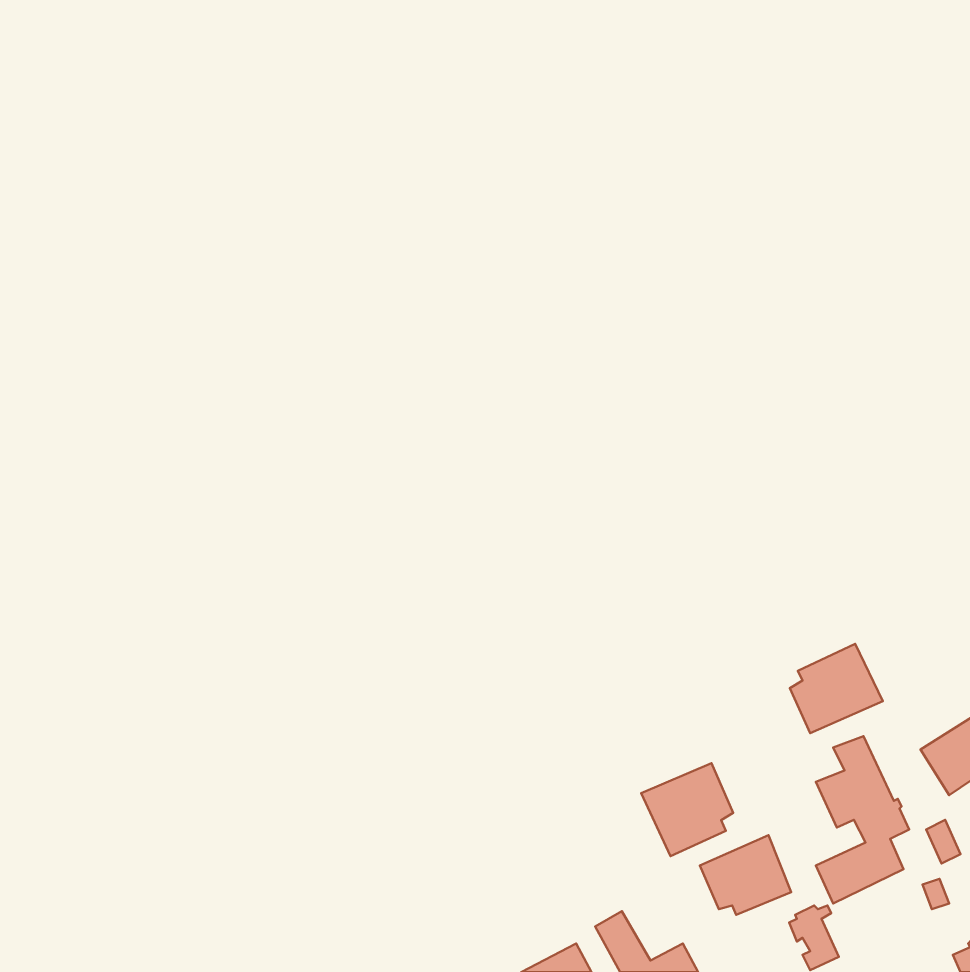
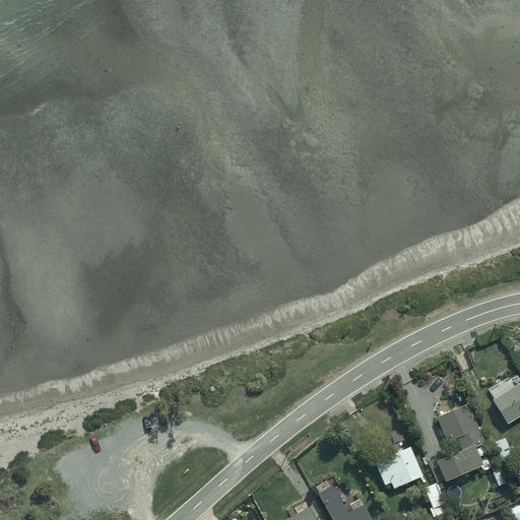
building: [790,644,883,733] -> none
building: [641,763,733,856] -> none

